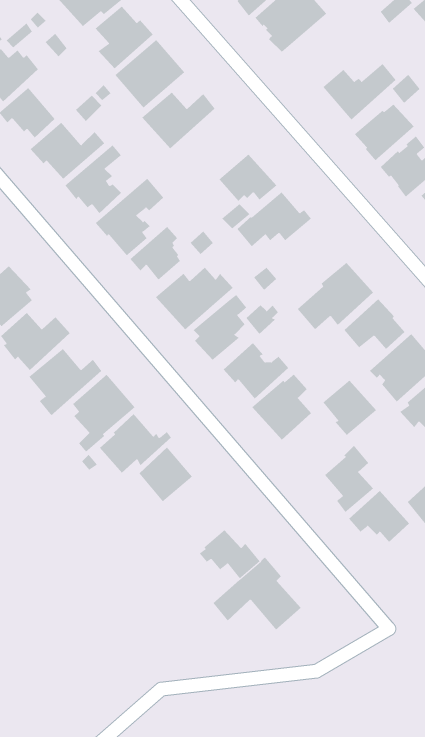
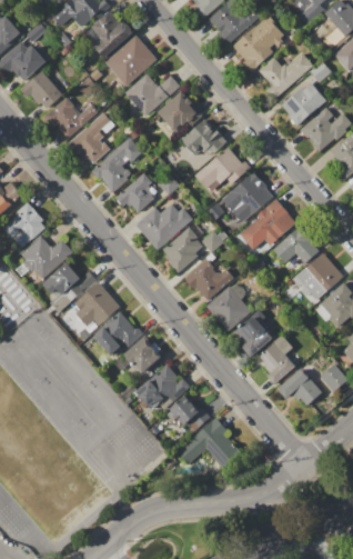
building: none -> [232,13,284,71]
building: none -> [157,94,202,136]
building: none -> [230,171,272,216]
building: [322,380,377,436] -> [232,315,272,356]
building: none -> [134,363,190,410]

